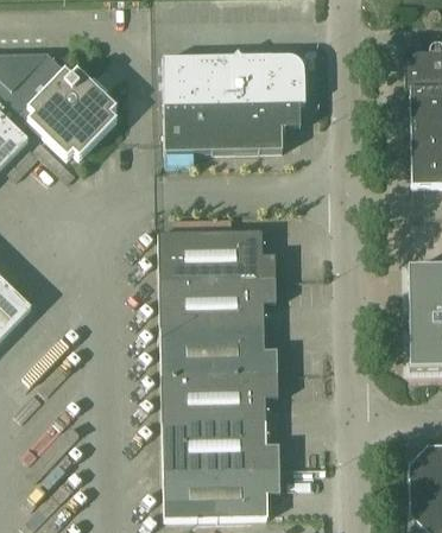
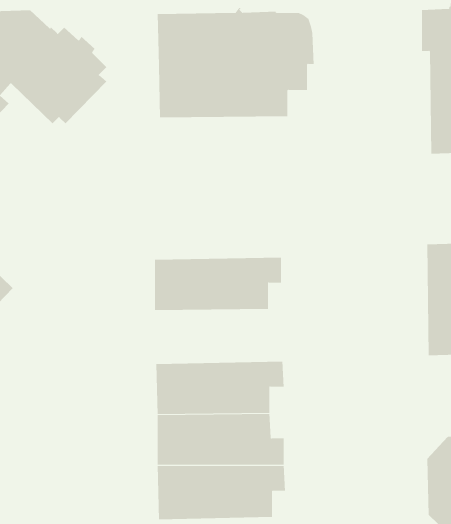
building: [159,229,277,280] -> none
building: [160,325,278,375] -> none

